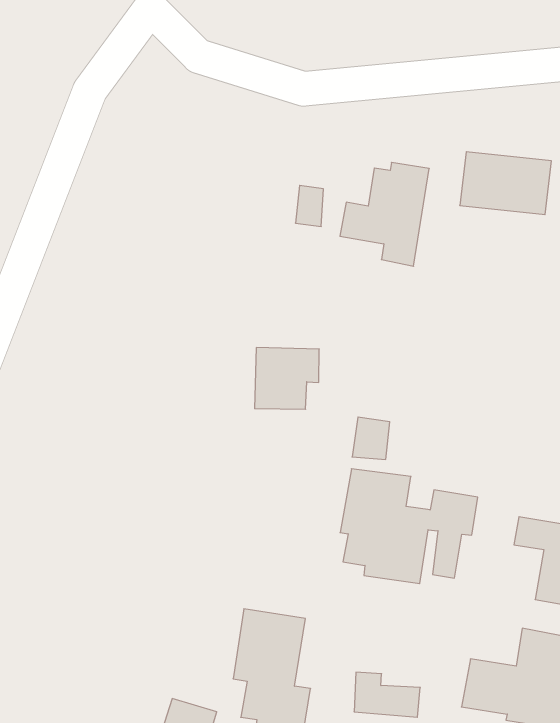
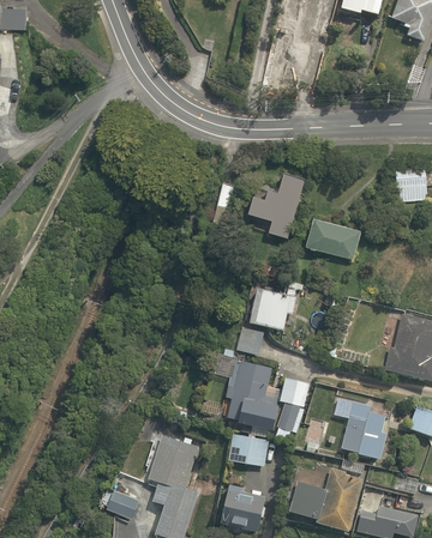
building: [460,152,551,215] -> [306,218,365,261]
building: [255,348,319,409] -> [252,289,295,330]
building: none -> [229,436,268,466]

